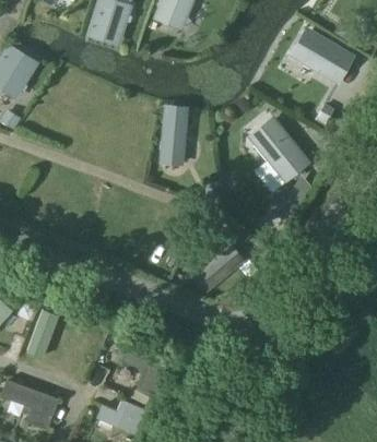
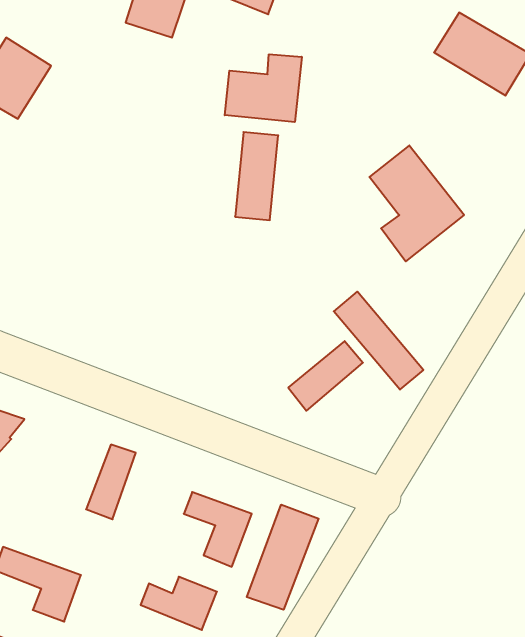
building: none -> [225,54,302,122]
building: none -> [334,292,423,390]
building: [26,308,59,357] -> [86,445,136,519]
building: none -> [247,505,319,610]

